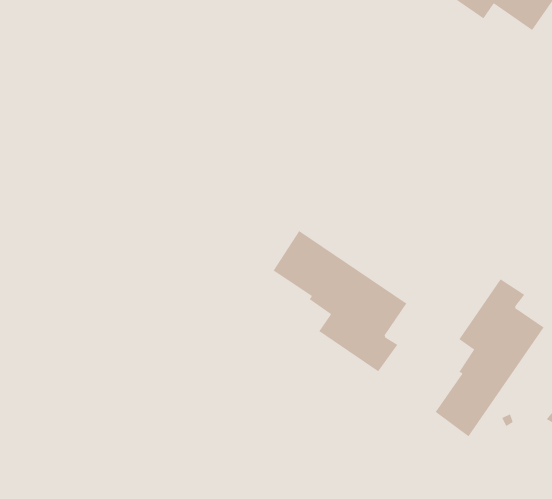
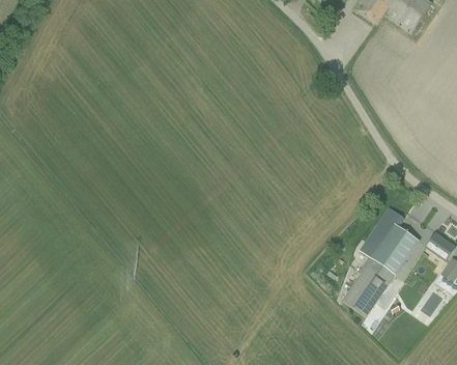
building: [273,230,407,372] -> none

